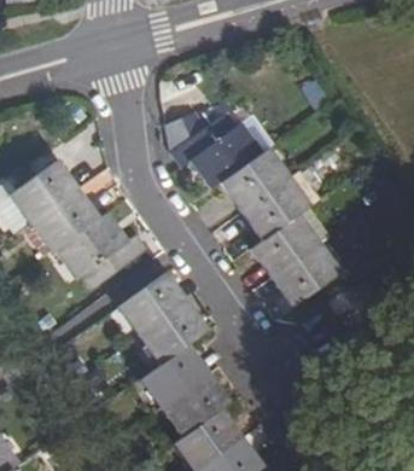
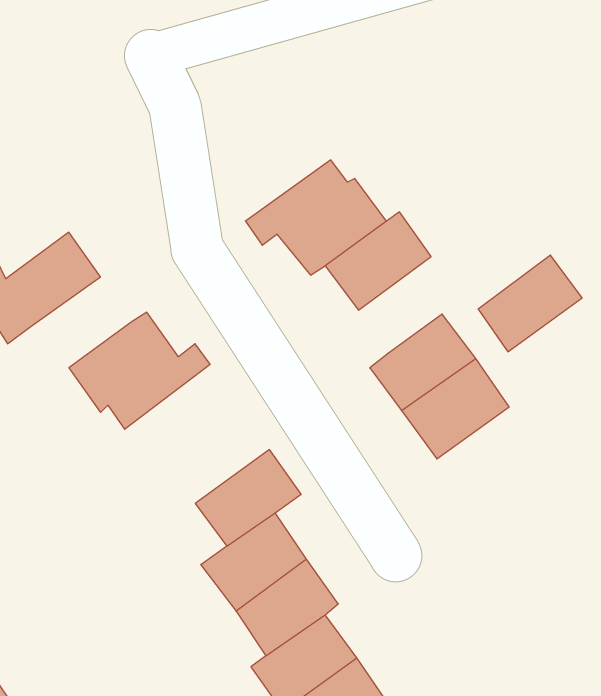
building: [243,176,310,239] -> [478,255,582,352]
building: [29,190,95,252] -> none
building: [115,273,185,337] -> none

